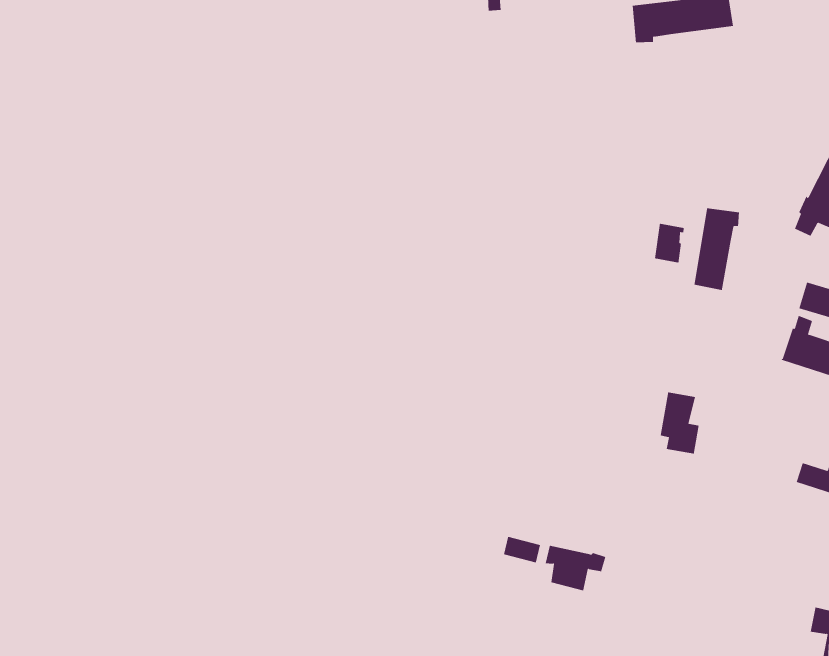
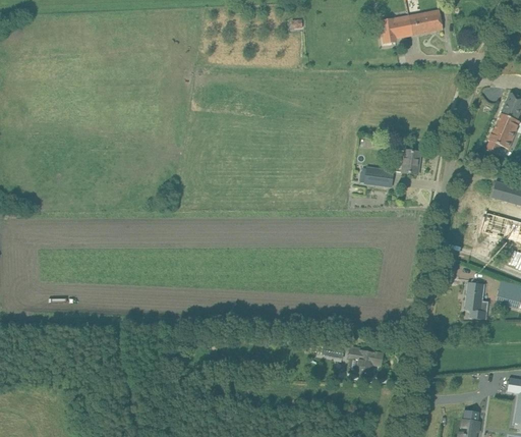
building: [694,208,739,291] -> none
building: none -> [362,167,393,186]
building: [660,392,699,454] -> [464,282,487,319]

